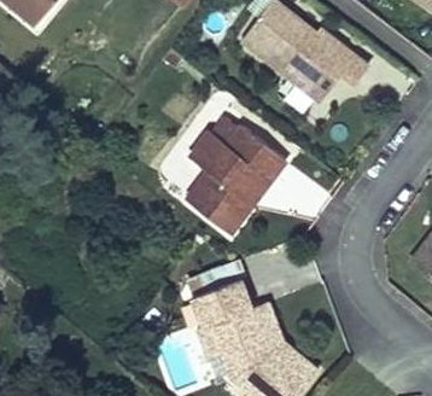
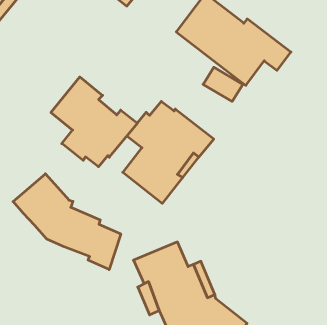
building: none -> [51,77,137,167]
building: none -> [13,174,121,270]

